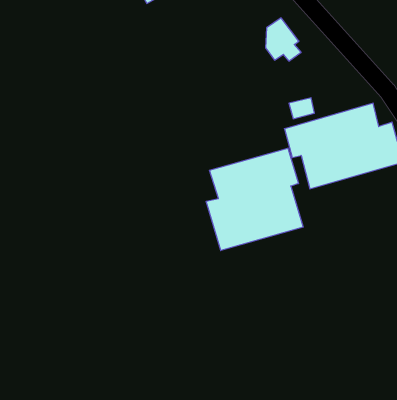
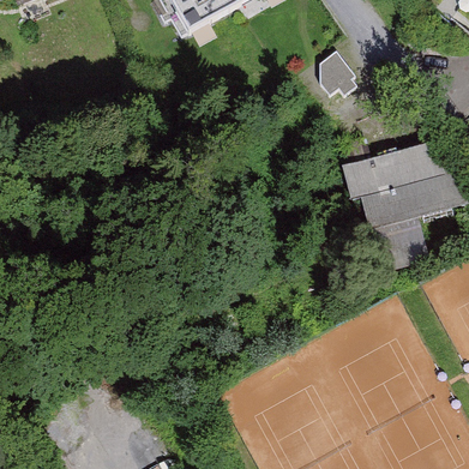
building: [206,148,303,251] -> none

